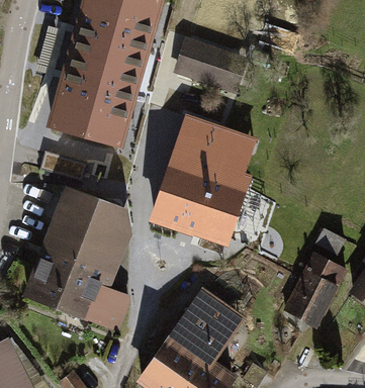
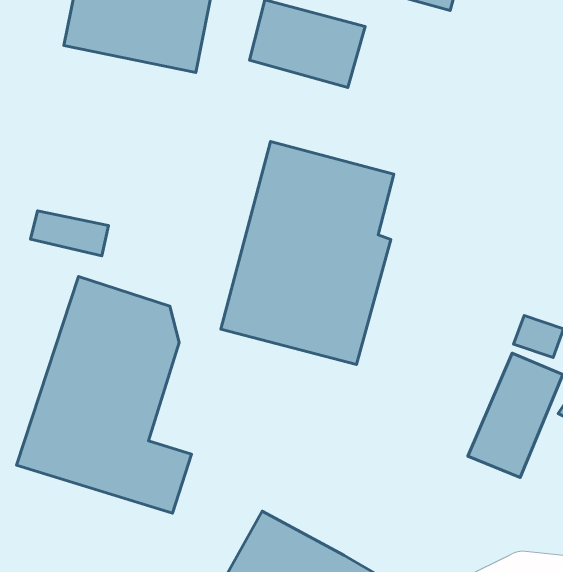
building: [50,57,146,152] -> none
building: [168,289,244,360] -> none

